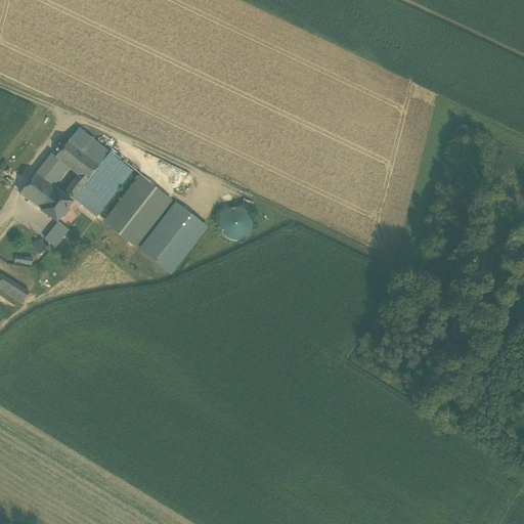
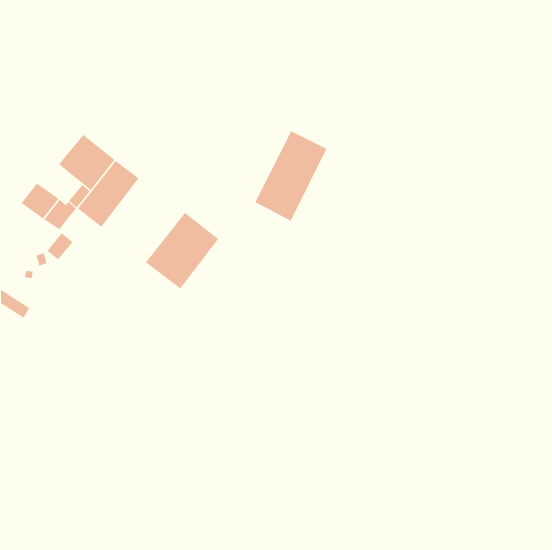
building: none -> [254,130,328,222]
building: [35,152,68,185] -> none
building: [102,175,172,247] -> none
building: [219,206,252,239] -> none

